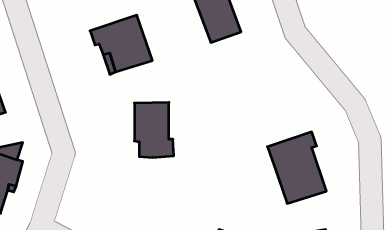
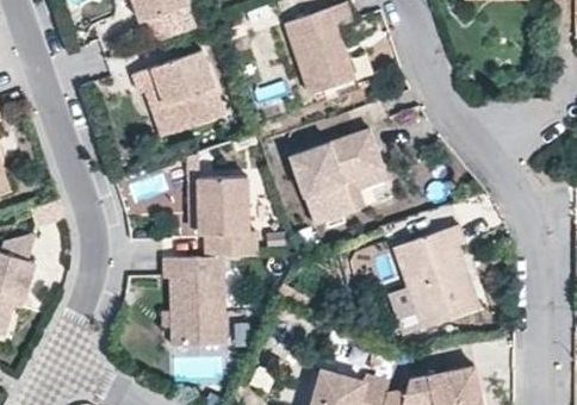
building: none -> [288,127,381,223]
building: none -> [162,260,227,347]

